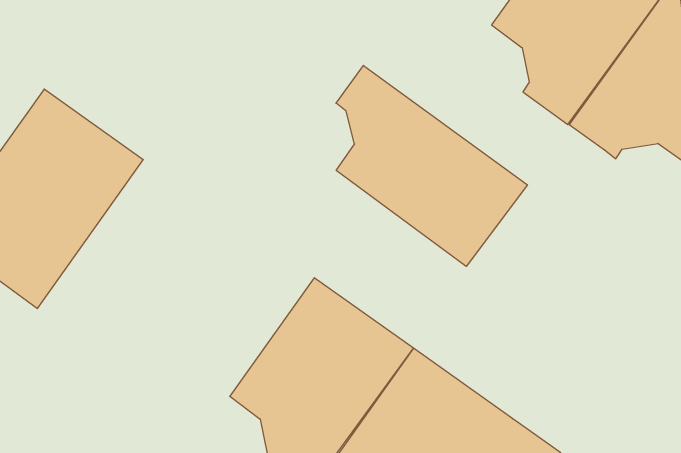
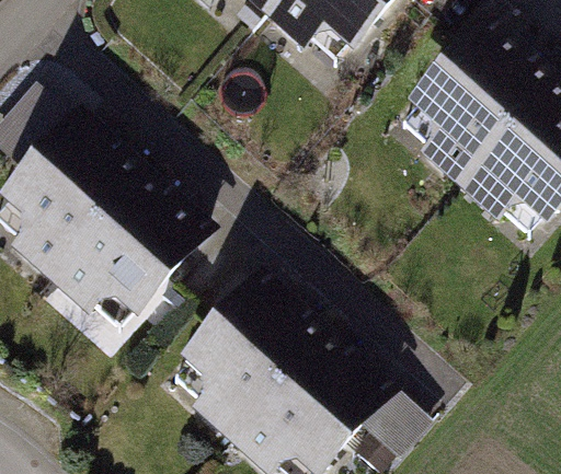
building: [336,65,527,266] -> none
building: none -> [41,176,201,319]

